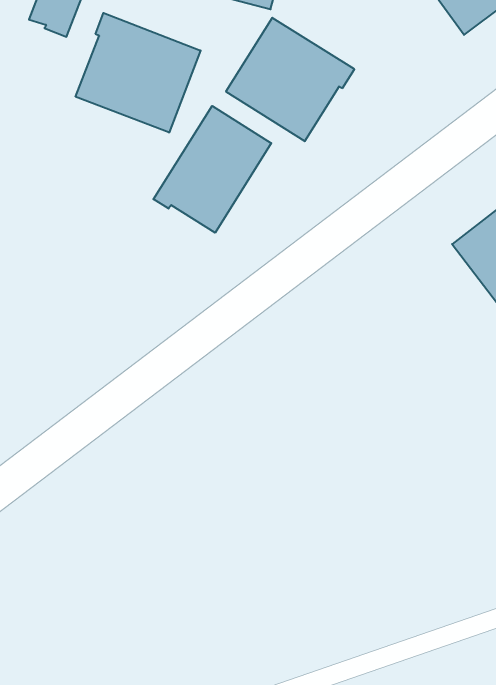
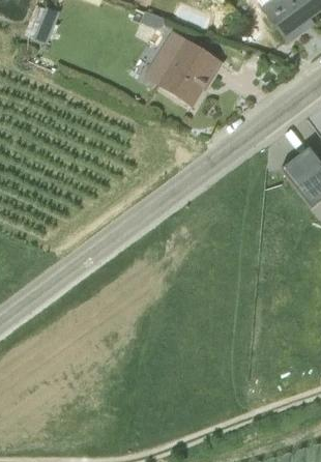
building: [76,13,201,133] -> none
building: [153,106,271,233] -> none

